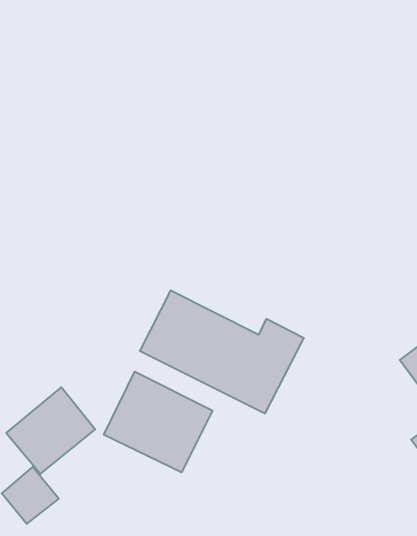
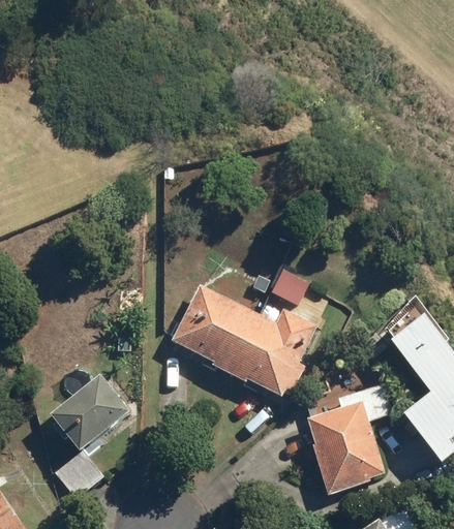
building: [104,372,212,472] -> none
building: none -> [306,385,394,495]

